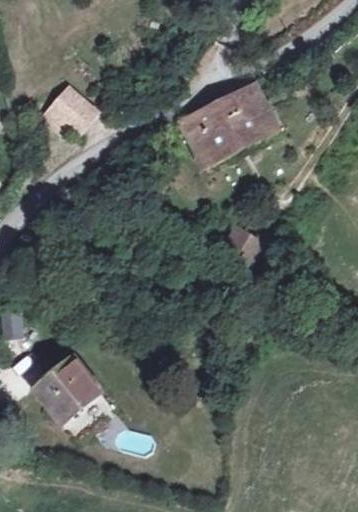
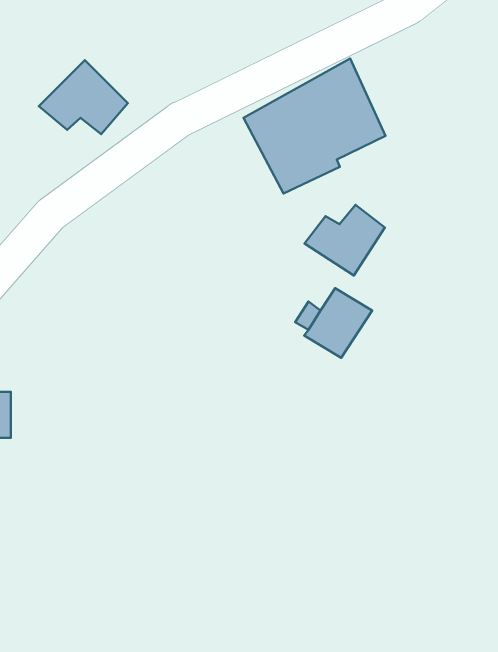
building: none -> [304,205,385,275]
building: [35,355,111,434] -> none

